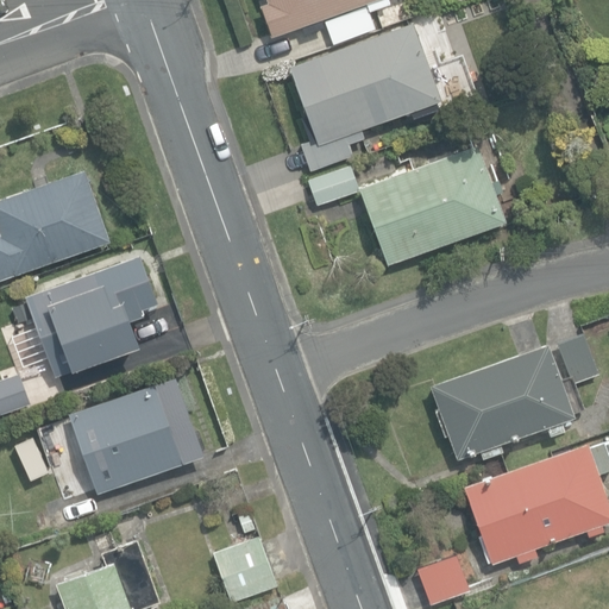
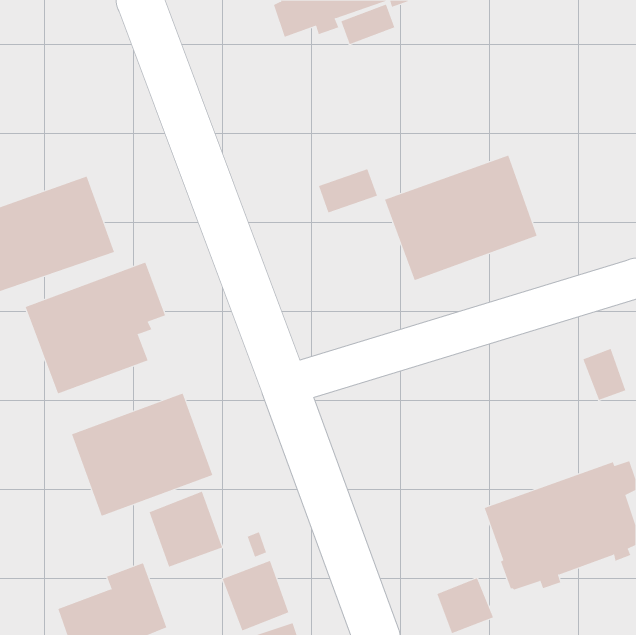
building: [288,24,440,171] -> none
building: [428,344,573,460] -> none
building: none -> [149,491,223,568]

